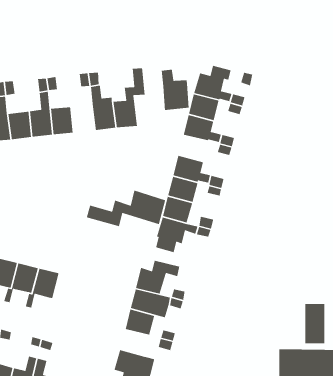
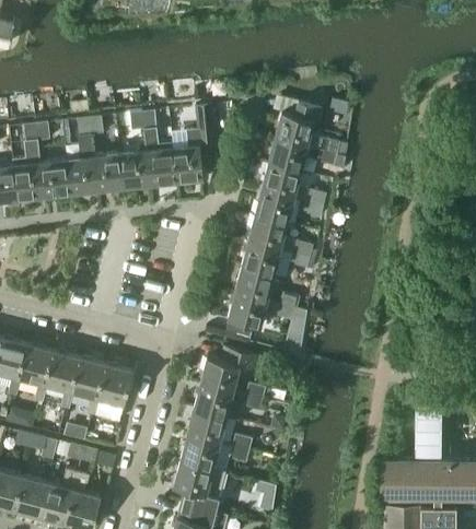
building: [161,69,190,111] -> none
building: none -> [119,151,150,188]
building: none -> [254,190,293,224]
building: [86,189,166,227] -> none
building: none -> [86,364,131,415]
building: none -> [181,435,219,469]

